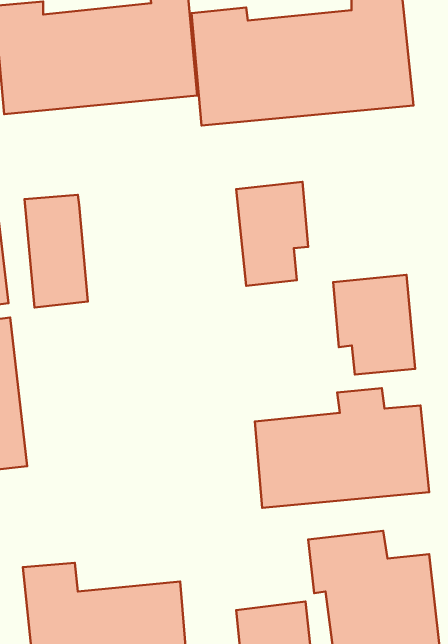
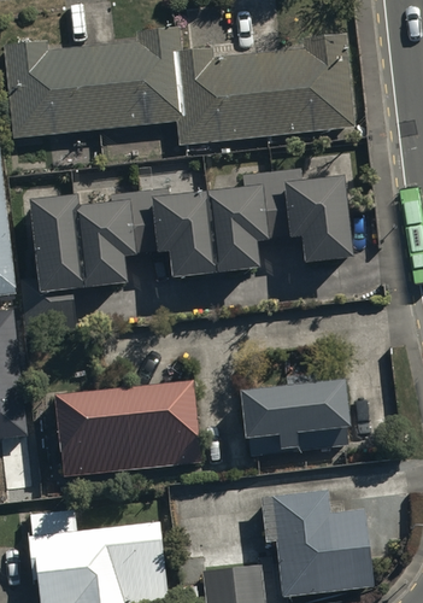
building: none -> [148,199,213,281]
building: none -> [74,205,131,291]
building: [333,275,415,374] -> [283,182,352,265]
building: none -> [54,388,196,475]

